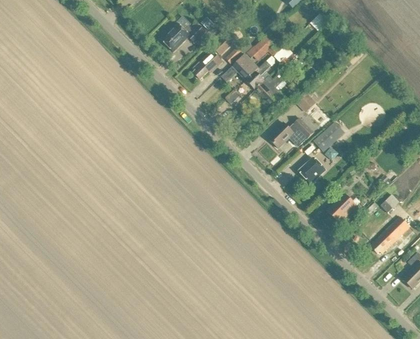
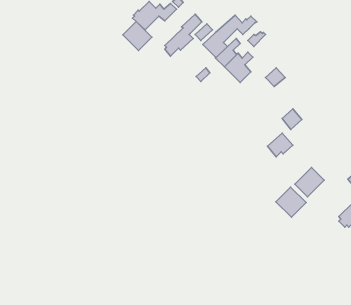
building: none -> [123,22,152,50]
building: [269,119,314,149] -> none
building: none -> [276,187,306,217]

